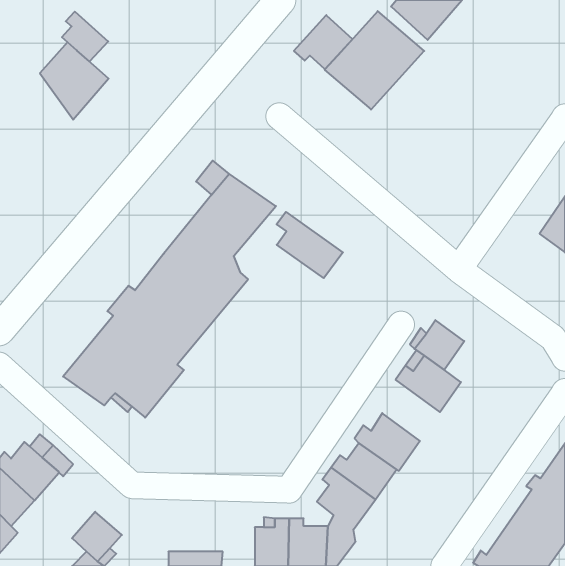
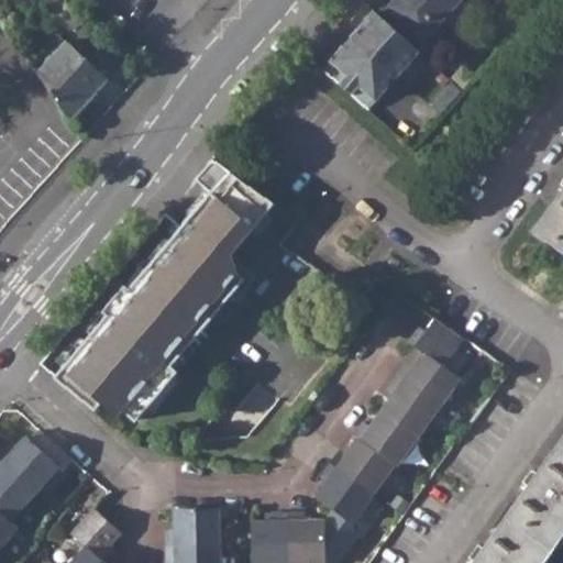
building: [62,12,108,62] -> none
building: [294,15,352,69] -> none
building: [277,212,343,278] -> none
building: none -> [379,377,437,438]
building: none -> [167,511,221,548]

